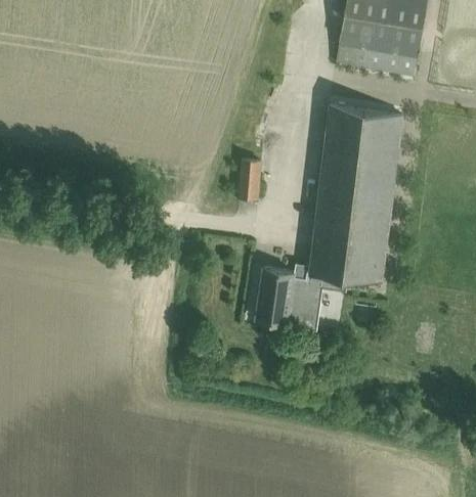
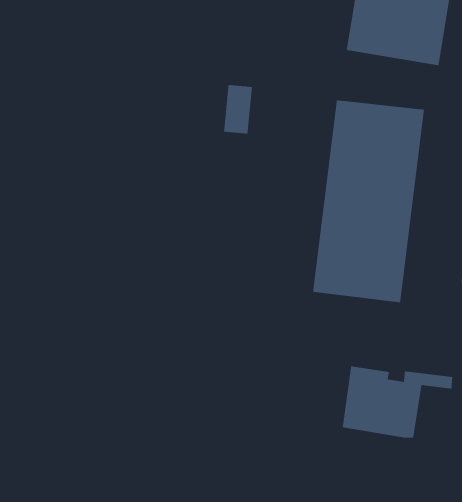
building: [237,156,263,199] -> [223,84,253,134]
building: [255,265,350,327] -> [342,366,453,439]

